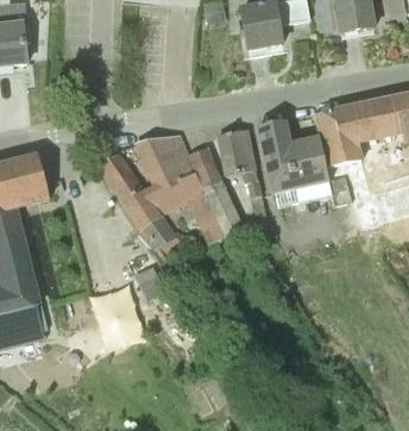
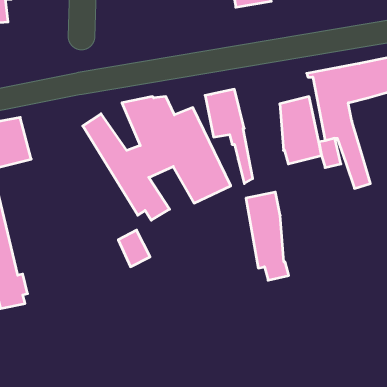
building: [257,119,298,205] -> [246,192,289,280]

